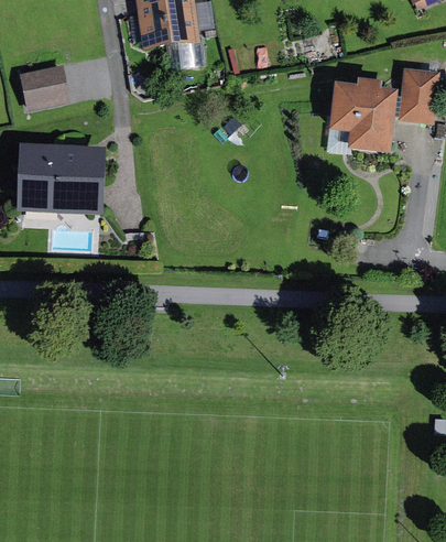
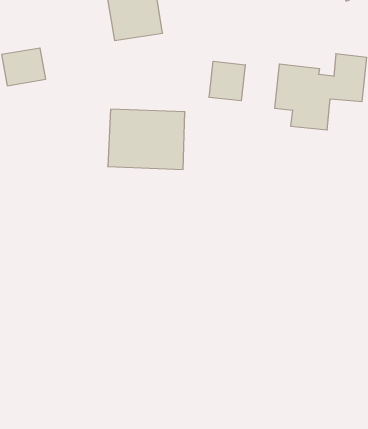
building: none -> [209,61,245,101]
building: [15,140,106,210] -> [108,109,185,169]

